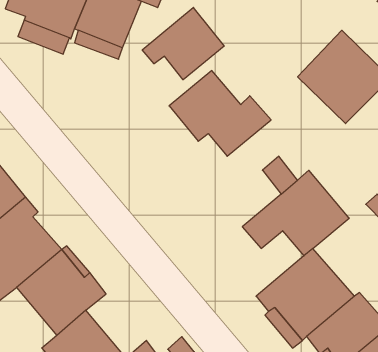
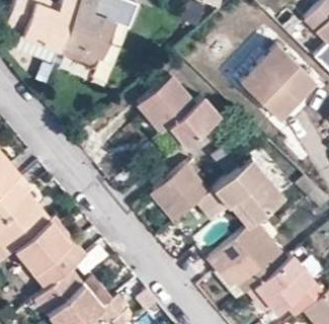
building: [142,7,224,80] -> none
building: none -> [151,164,210,221]

